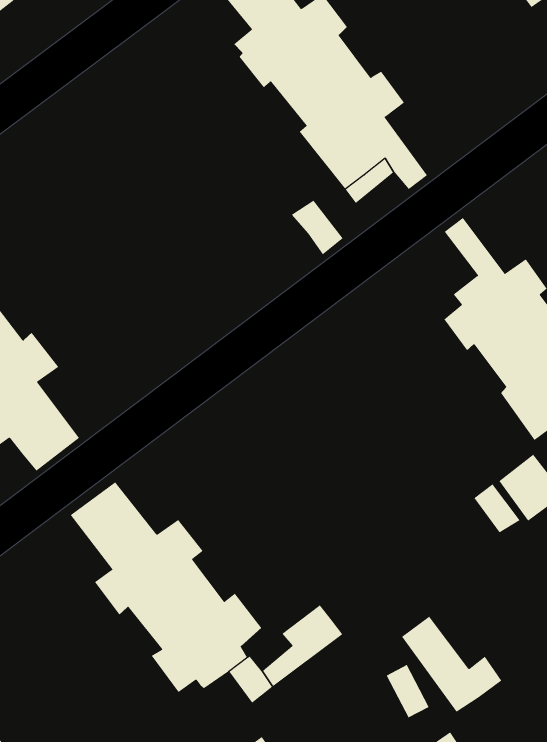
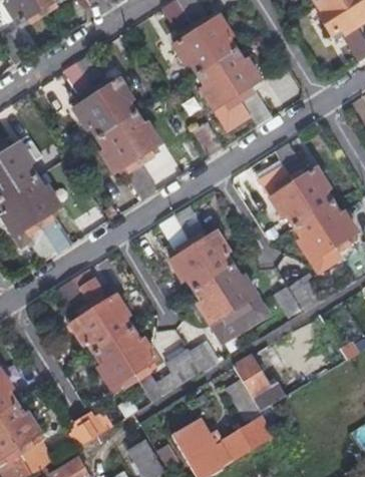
building: none -> [66,63,163,197]
building: none -> [164,202,269,327]

